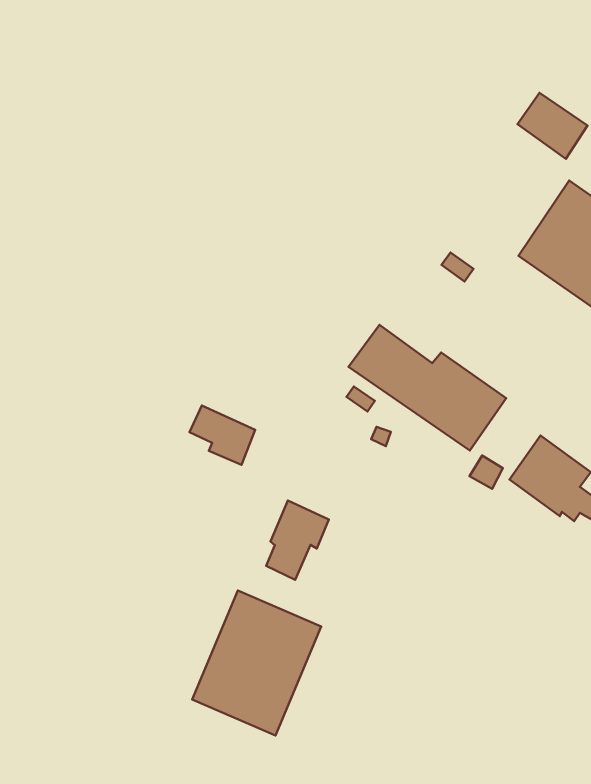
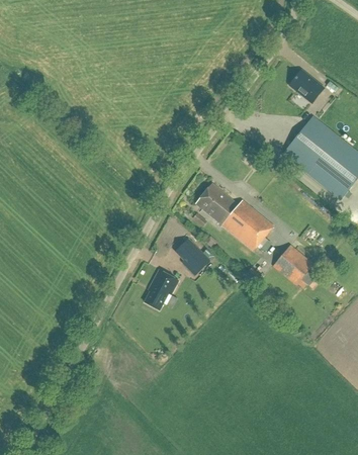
building: [190,406,255,465] -> [169,238,202,269]
building: [192,591,321,736] -> none

